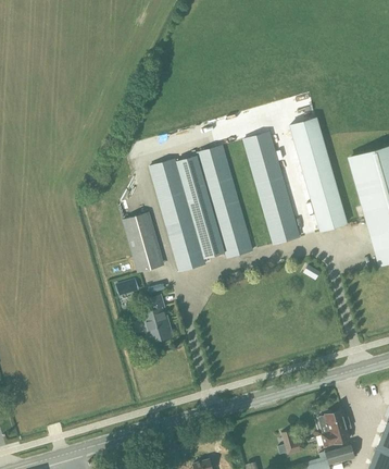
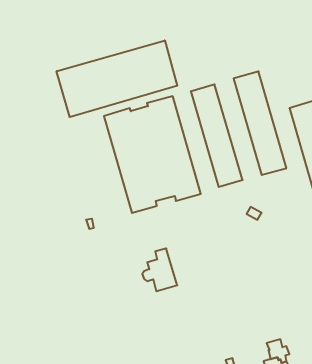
building: none -> [57,40,177,117]
building: [122,213,161,271] -> none
building: [134,296,172,343] -> [142,248,177,291]

